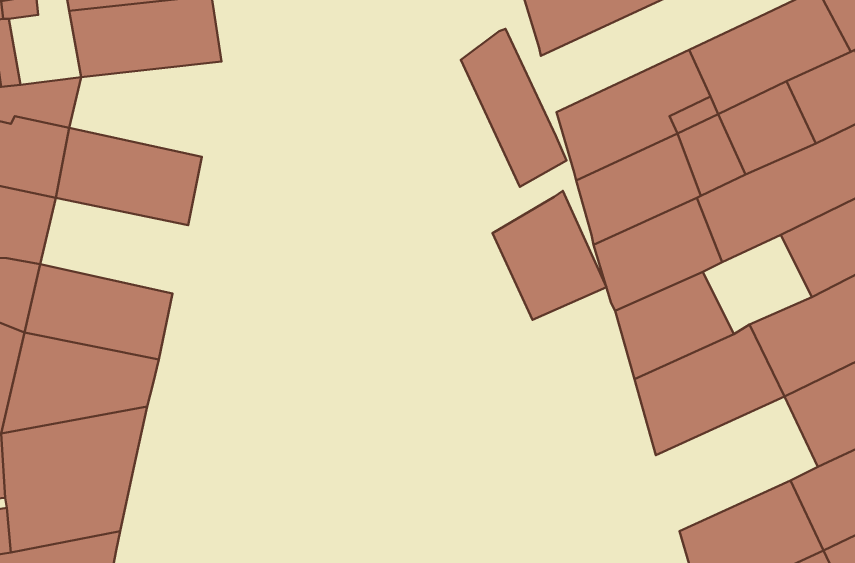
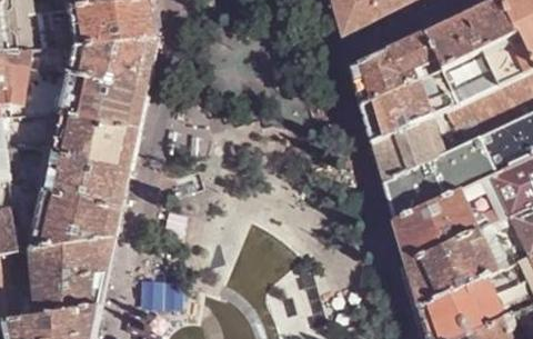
building: [461,29,567,187] -> none
building: none -> [71,38,158,92]
building: [493,191,606,320] -> none
building: none -> [54,116,139,170]
building: none -> [432,137,494,193]
building: none -> [405,229,497,306]

